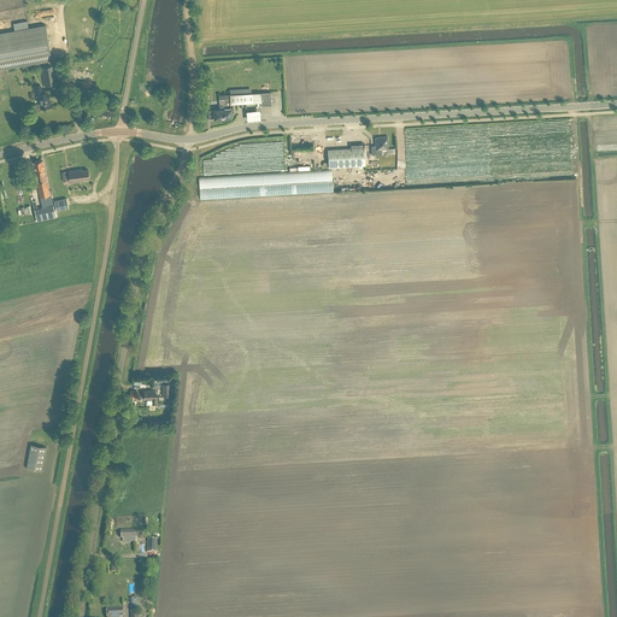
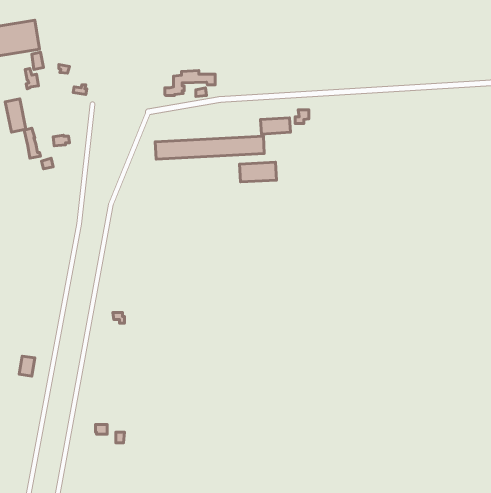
building: none -> [5,99,26,132]
building: none -> [240,162,277,182]

